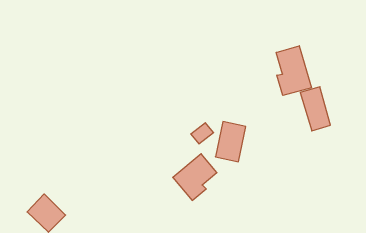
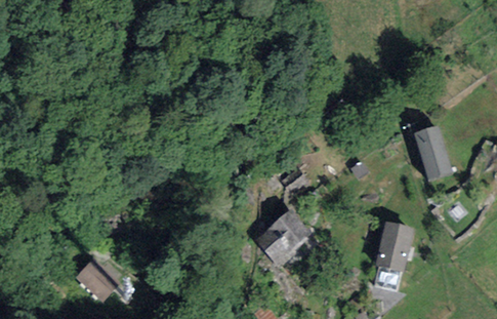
building: [276,46,311,95] -> none
building: [215,122,246,162] -> [375,221,413,271]

